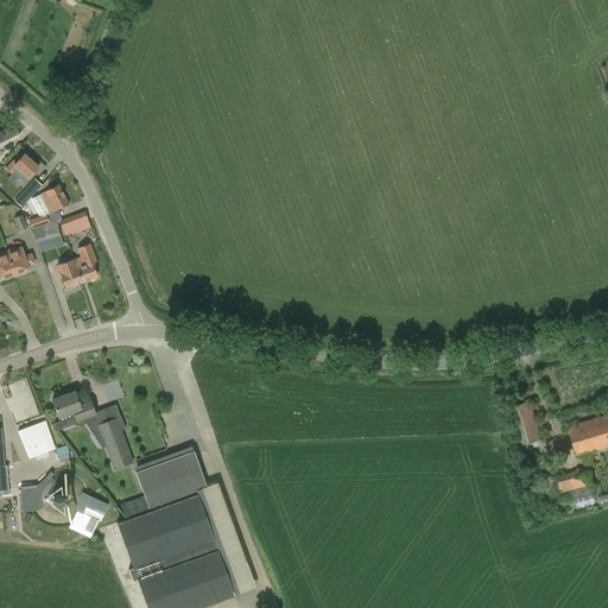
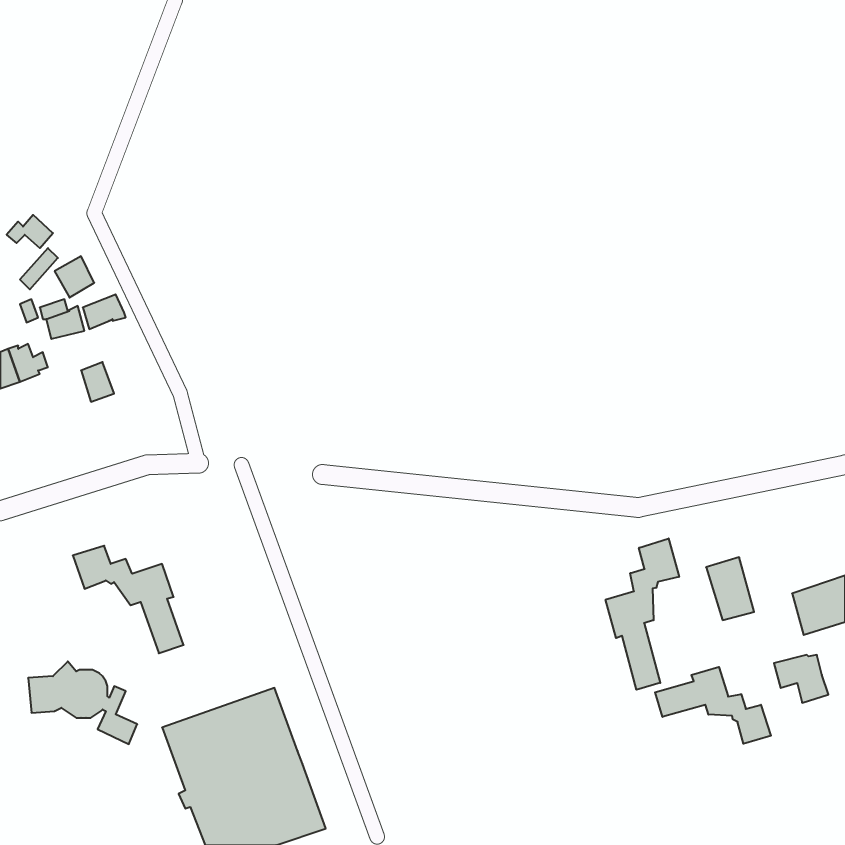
building: [74,245,97,283] -> none
building: none -> [606,538,679,690]
building: [18,420,56,460] -> none
building: [116,450,207,518] -> none
building: none -> [655,667,771,744]

